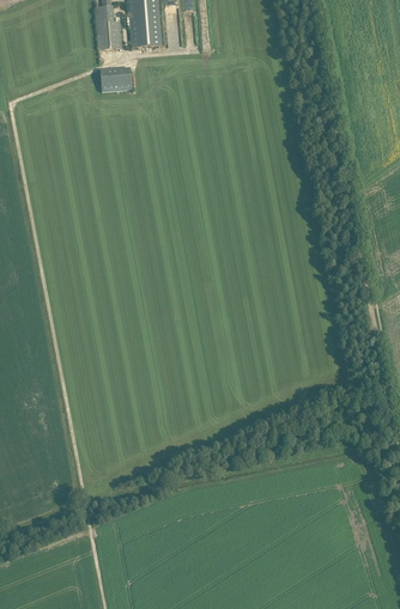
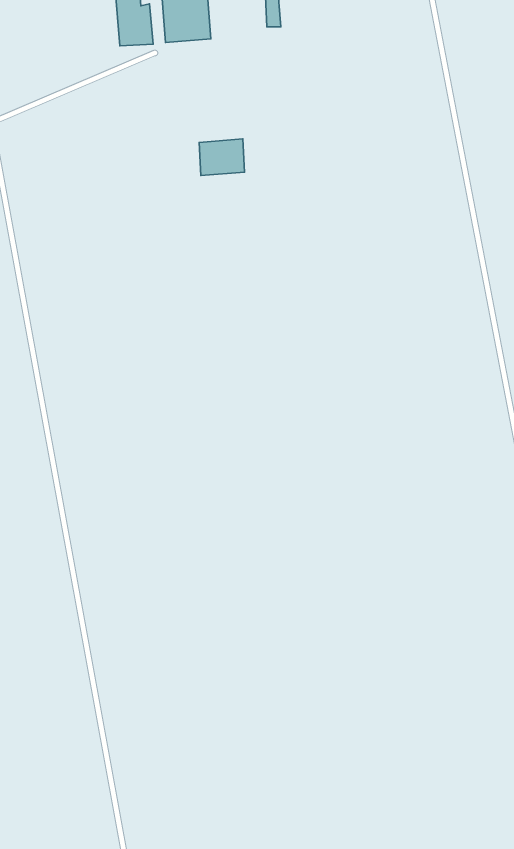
building: [99,67,131,92] -> [199,139,245,176]

